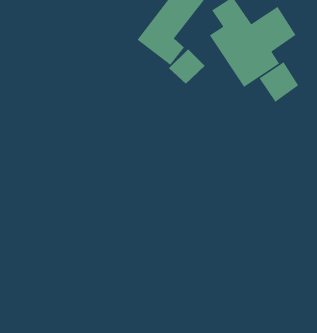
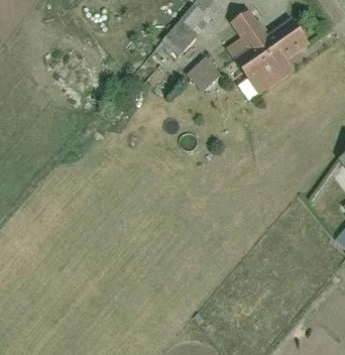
building: [259,61,299,103] -> none

